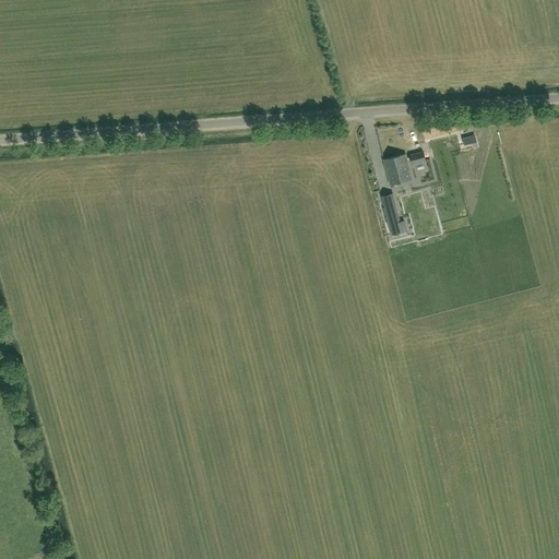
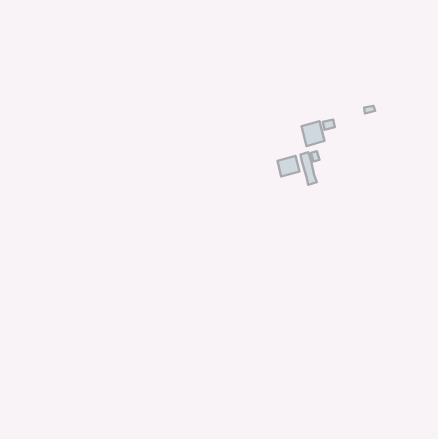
building: none -> [277,156,299,176]

